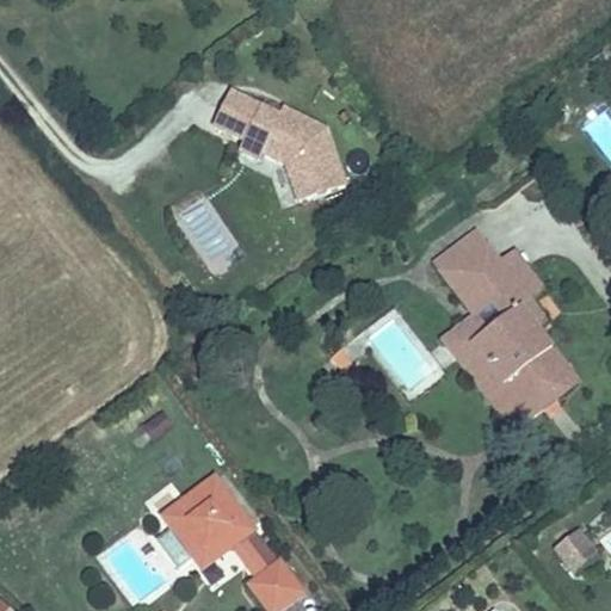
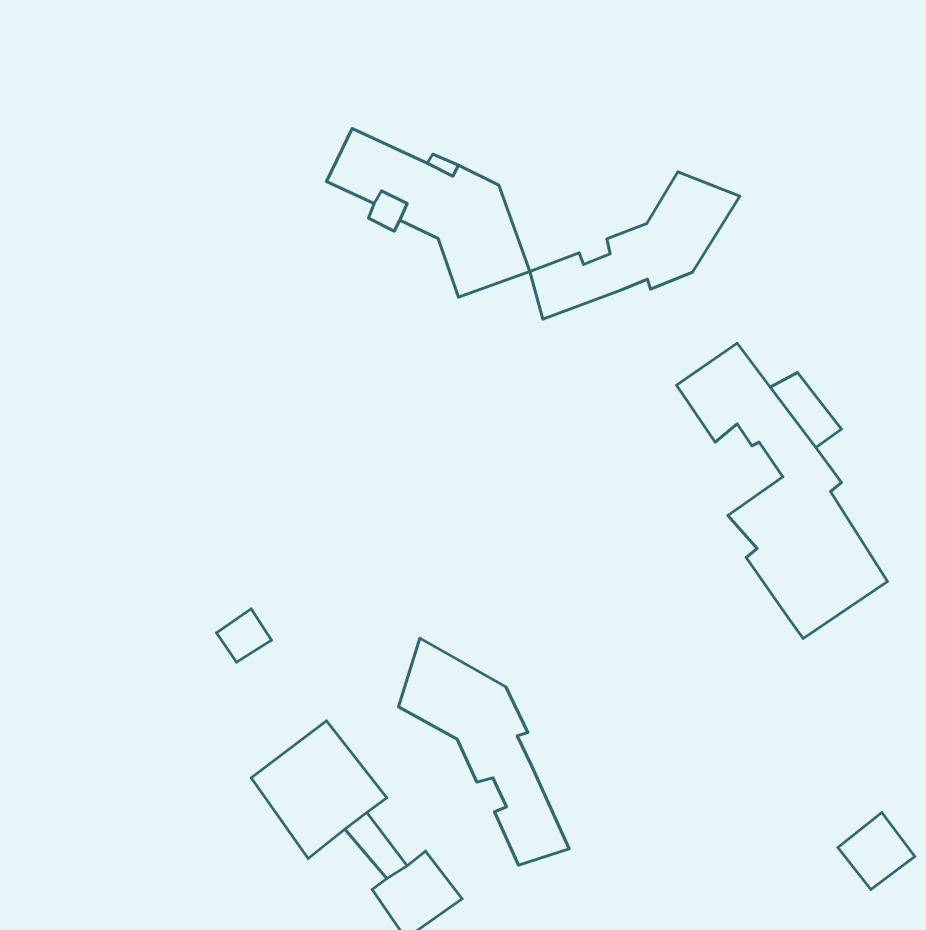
building: none -> [530,172,740,319]
building: [446,280,513,415] -> none
building: none -> [399,638,569,865]

